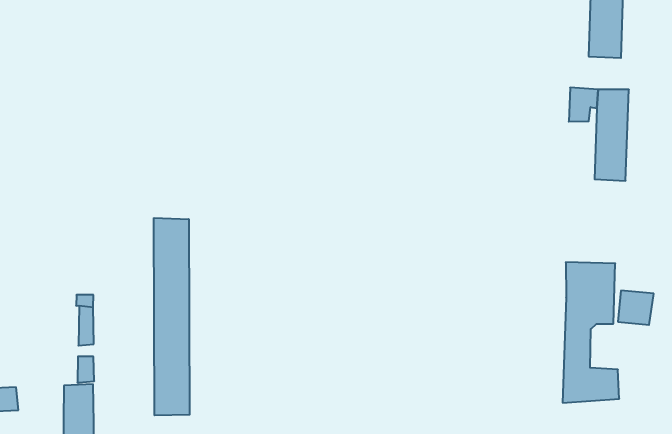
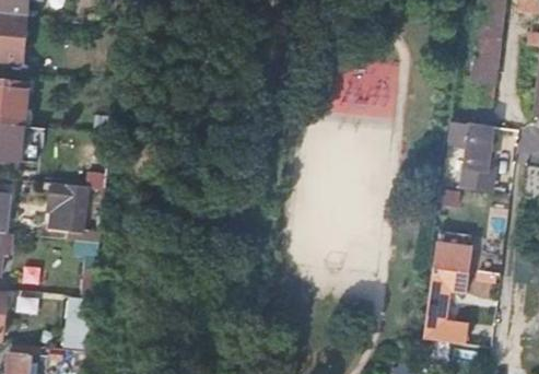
building: [154,218,190,415] -> none
building: none -> [46,182,87,232]

